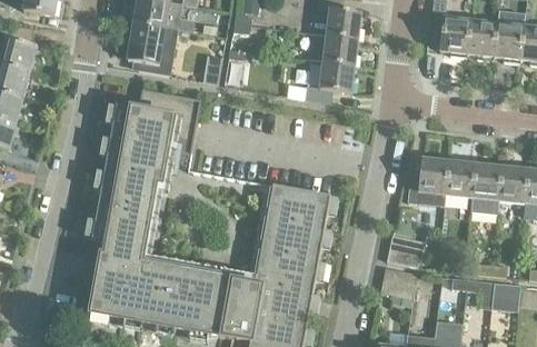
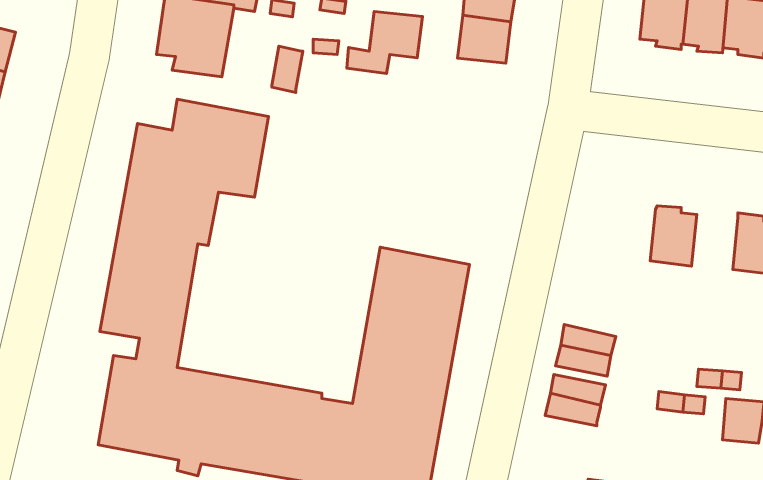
building: [305,62,354,102] -> [347,11,422,73]
building: [407,155,450,207] -> none
building: [473,160,504,214] -> none

